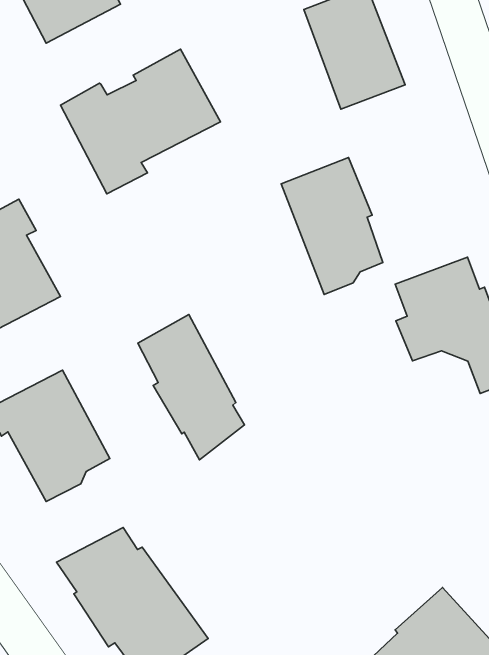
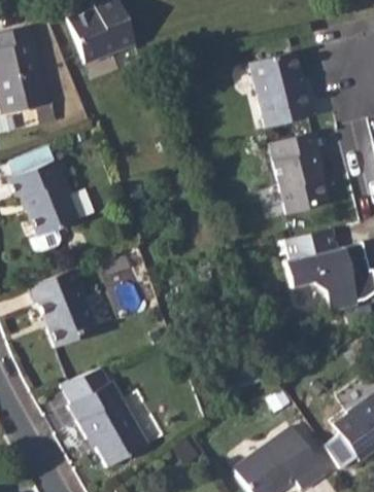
building: [60,49,221,194] -> none
building: [281,157,383,294] -> [271,131,328,213]
building: [138,314,245,460] -> none

